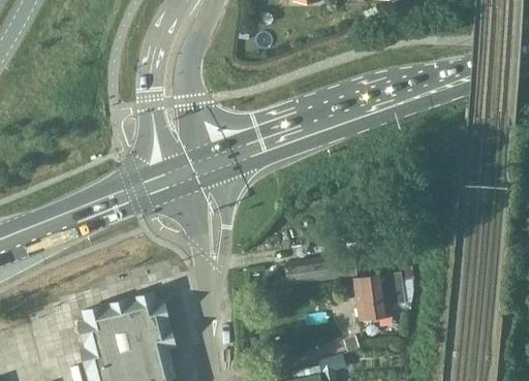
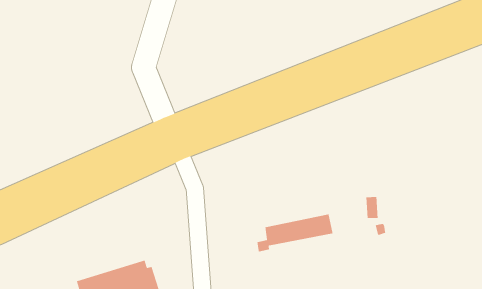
building: [354,271,401,317] -> none

